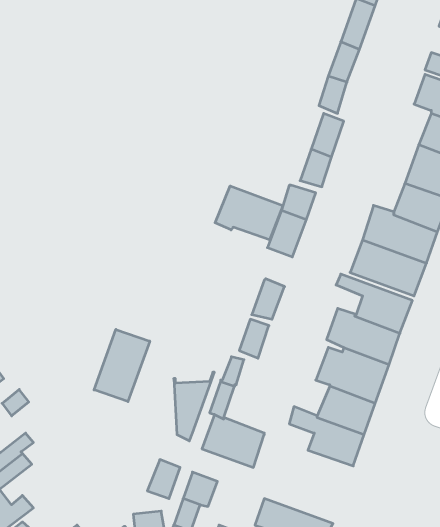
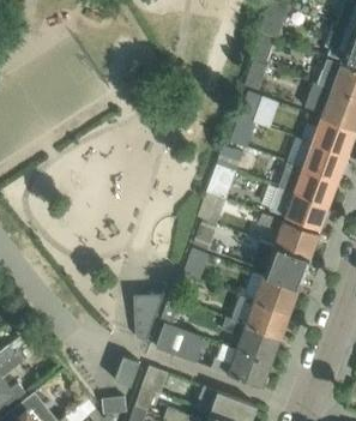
building: [215,186,283,240] -> none
building: [94,329,150,402] -> none
building: none -> [211,343,272,387]

